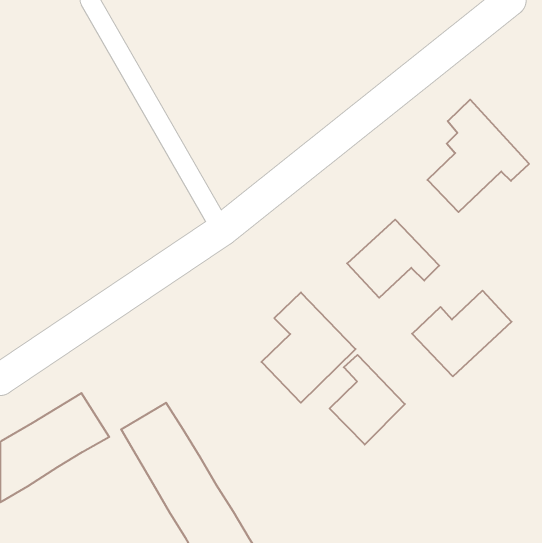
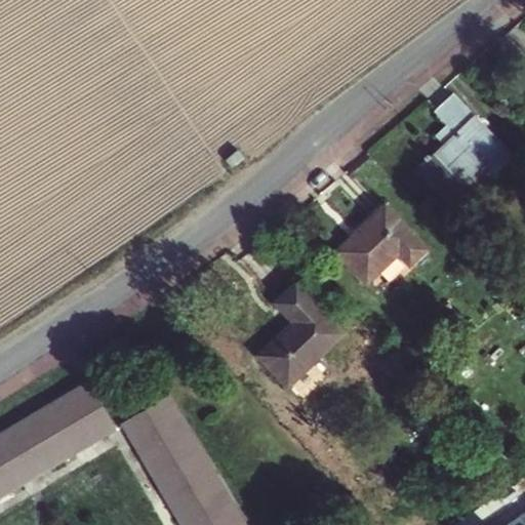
building: [412,291,512,376] -> none
building: [330,355,405,445] -> none

